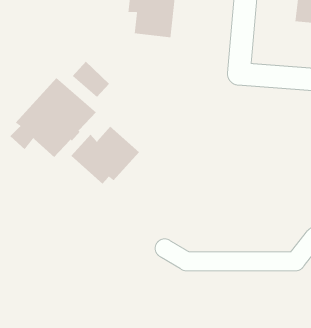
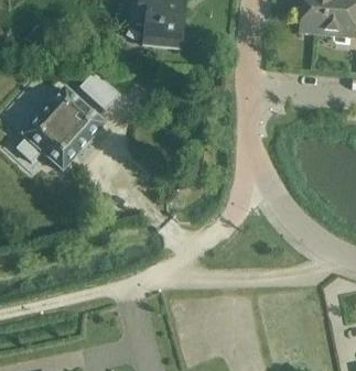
building: [71,126,140,185] -> none

